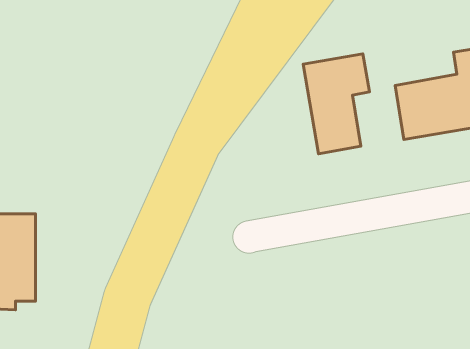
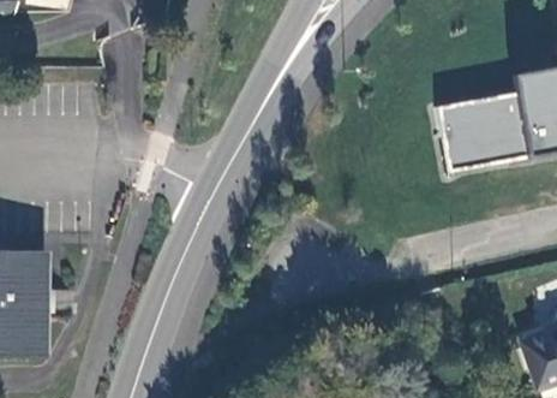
building: [303,54,370,154] -> none

